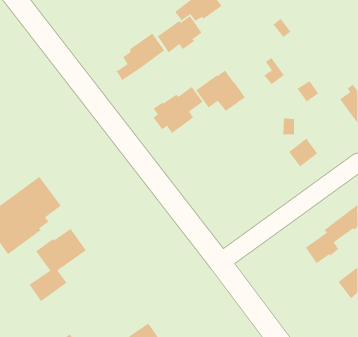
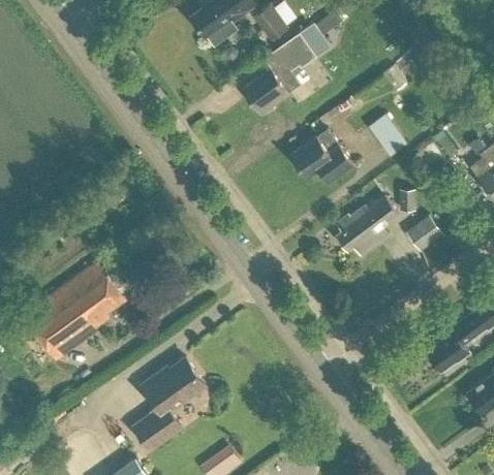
building: [115,33,165,81] -> none
building: [153,86,203,134] -> [336,196,399,256]
building: [28,228,87,302] -> [132,358,205,450]

